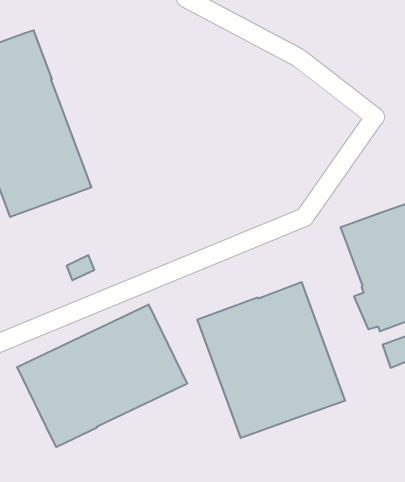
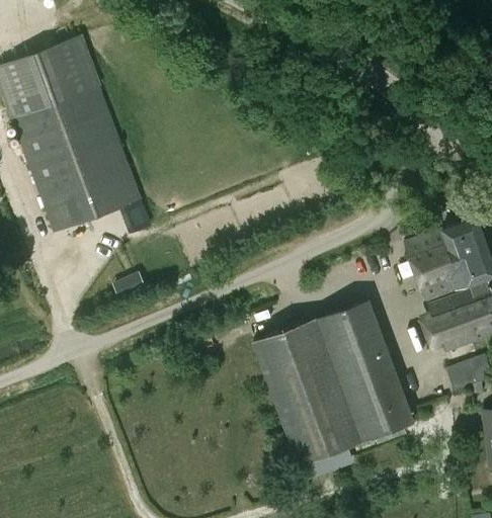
building: [17,304,187,447] -> none

